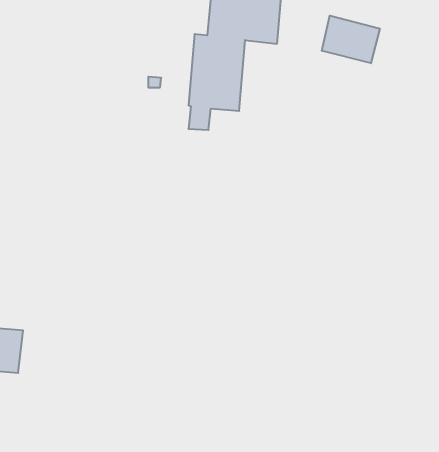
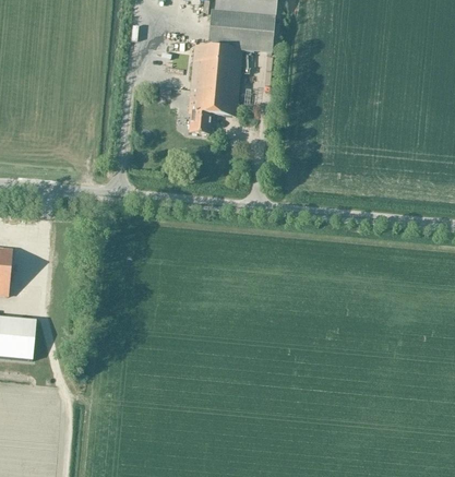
building: [322,16,380,63] -> none

